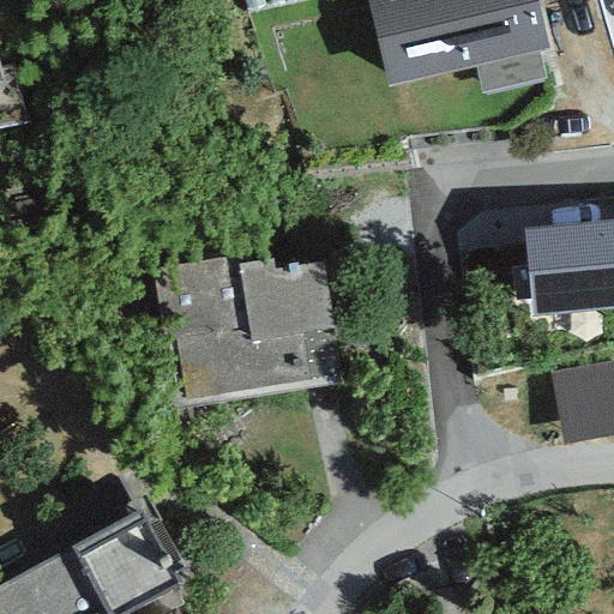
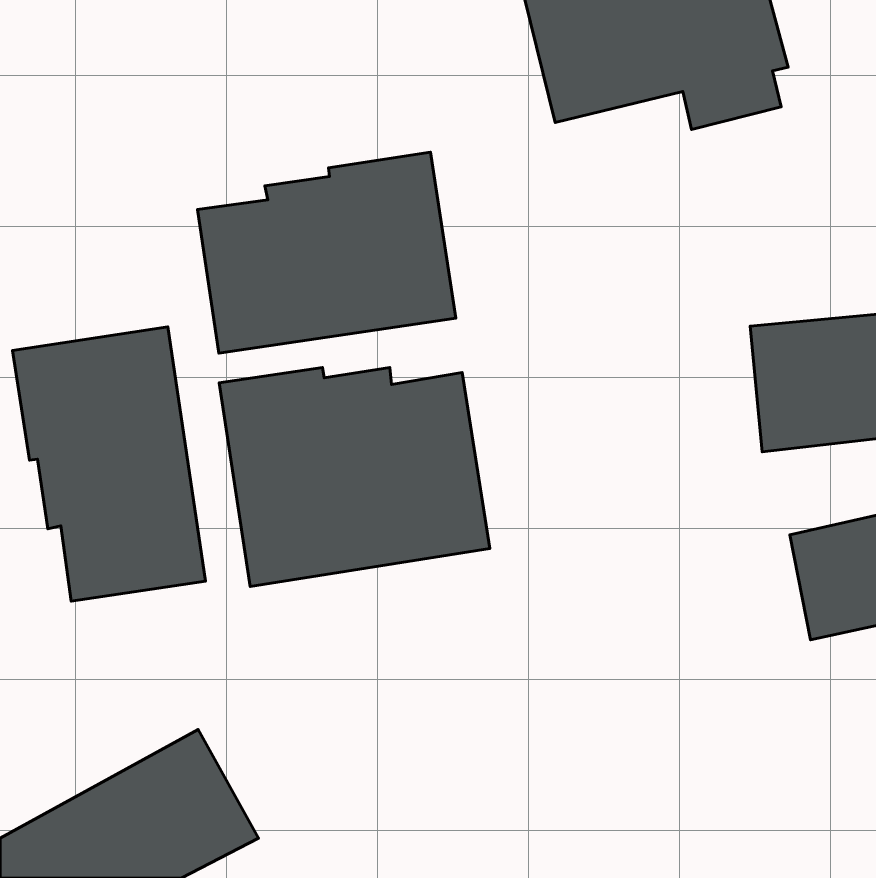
building: none -> [198,152,456,353]
building: none -> [13,327,206,601]

